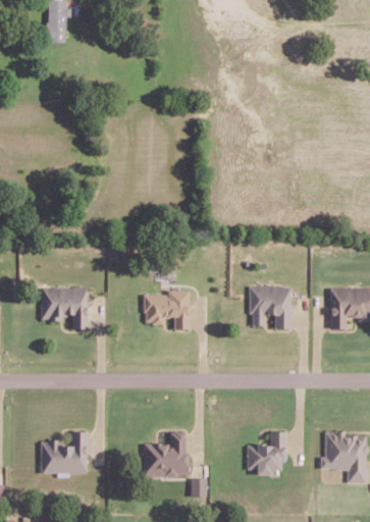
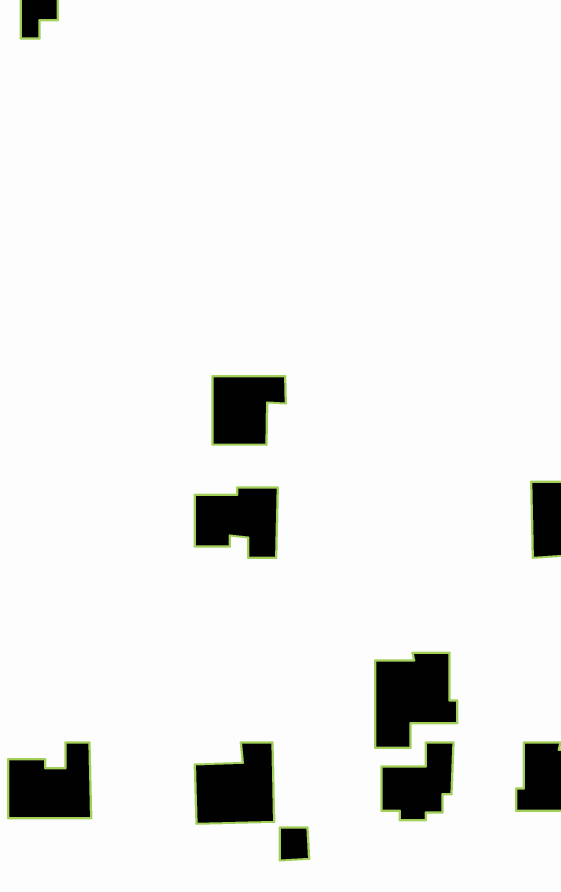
building: none -> [213,376,286,445]
building: [249,285,290,329] -> none
building: [41,288,87,329] -> none
building: none -> [375,653,457,748]

